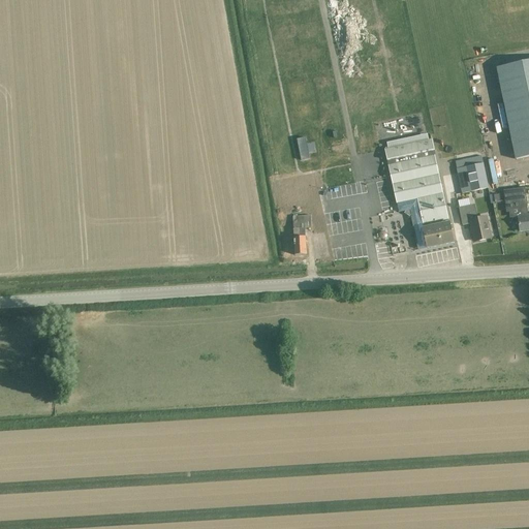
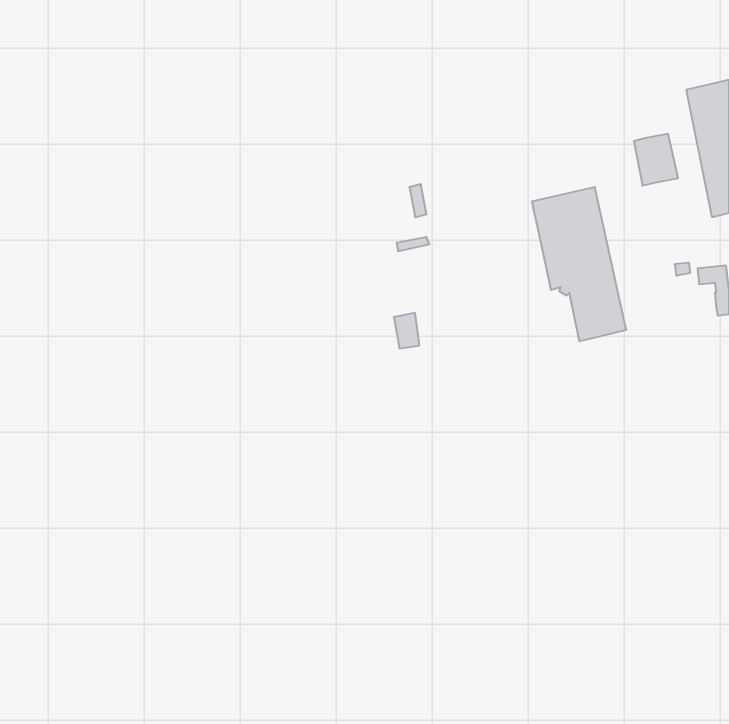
building: [456,153,488,190] -> [634,134,678,185]
building: [459,203,490,239] -> none

